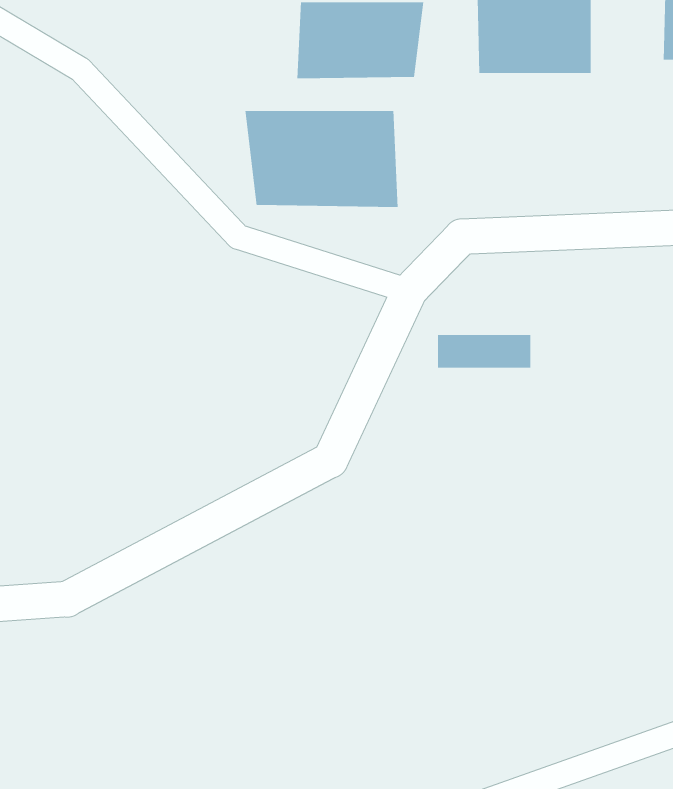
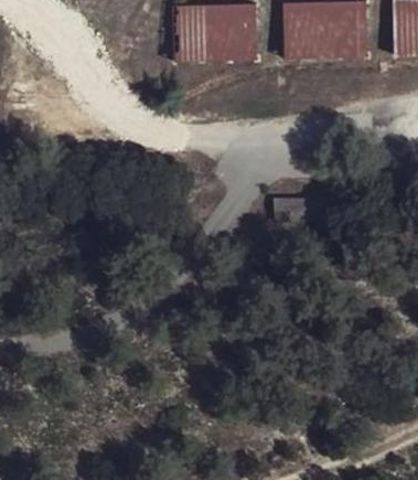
building: [245,110,398,208] -> none

